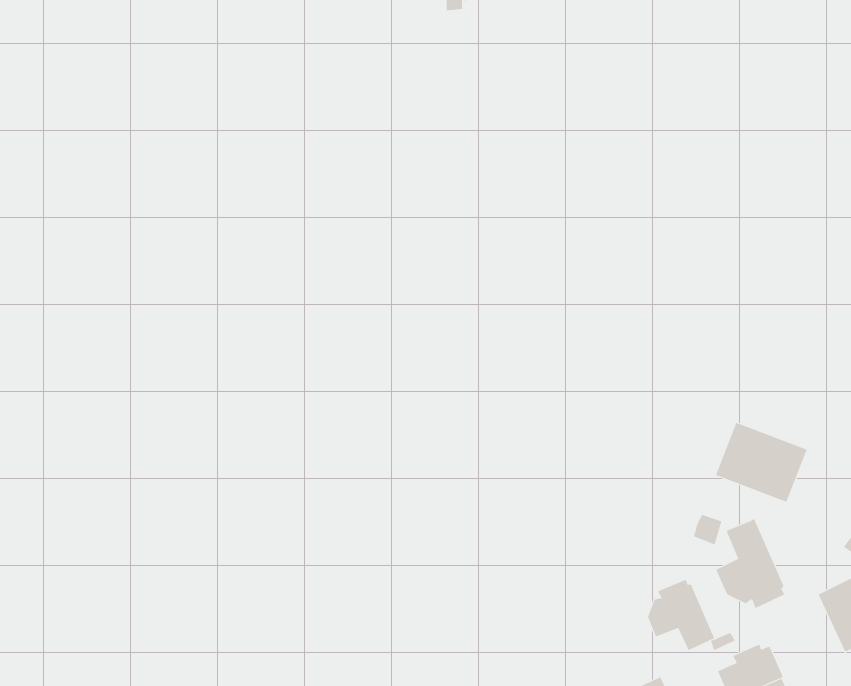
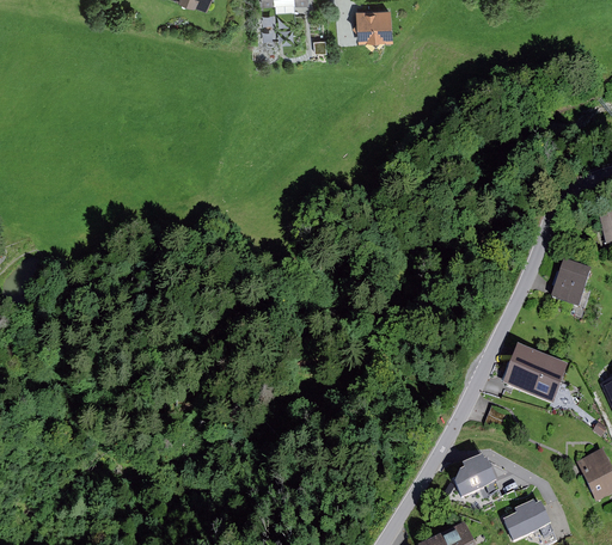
building: none -> [551,258,592,305]
building: [715,518,785,609] -> none

